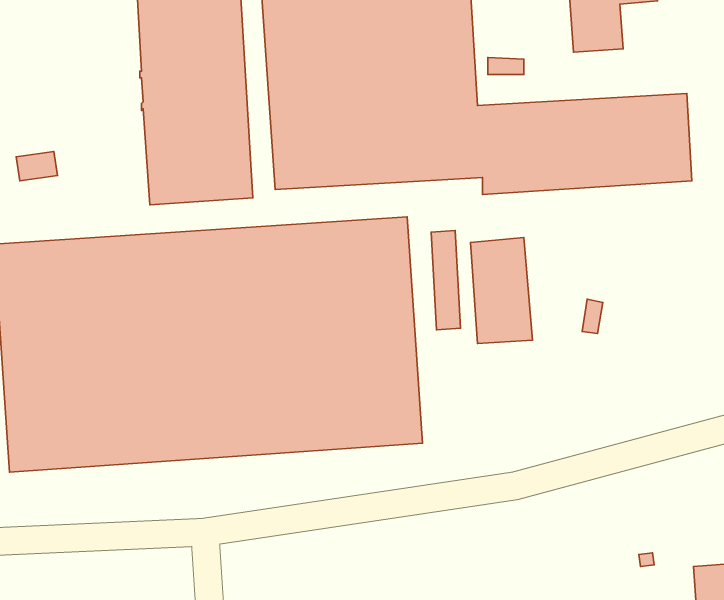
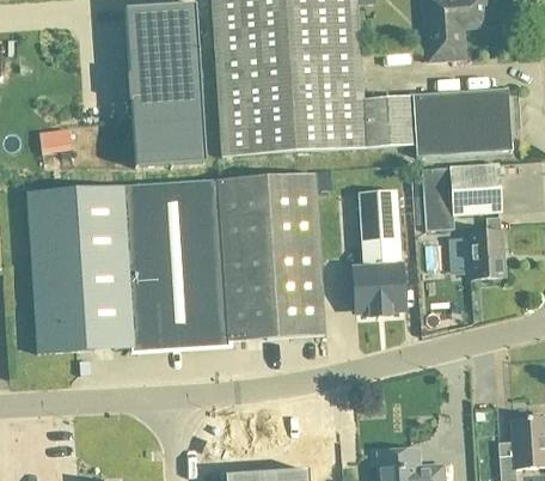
building: none -> [422,165,501,230]
building: none -> [467,217,506,280]
building: none -> [353,263,404,315]

